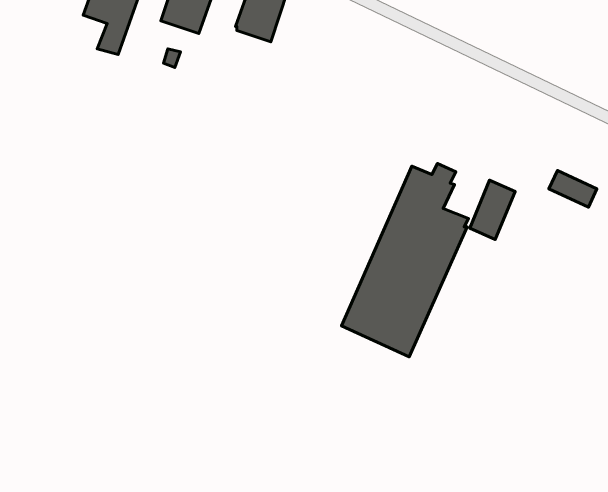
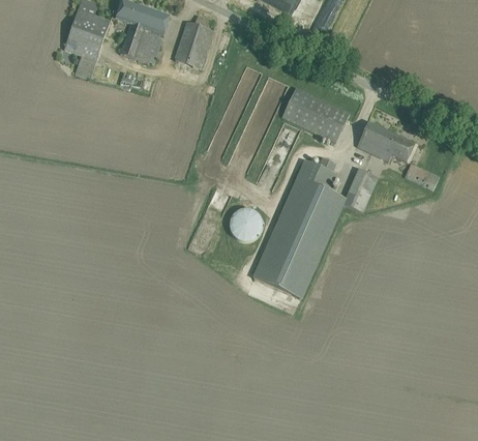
building: none -> [282,88,350,142]
building: none -> [357,122,415,163]
building: none -> [230,208,263,241]

